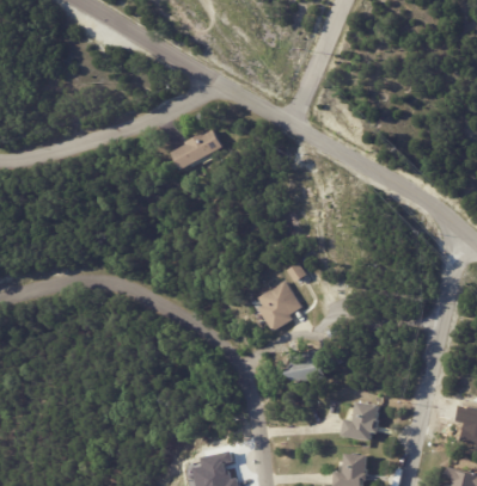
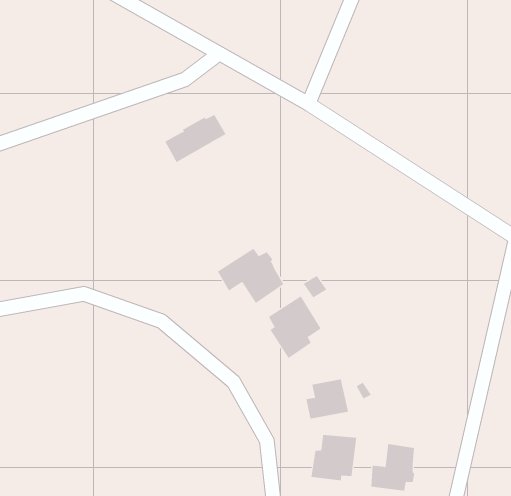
building: none -> [217,248,284,304]
building: none -> [311,434,357,481]

